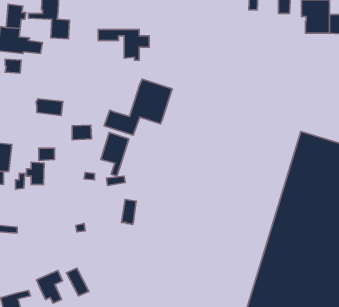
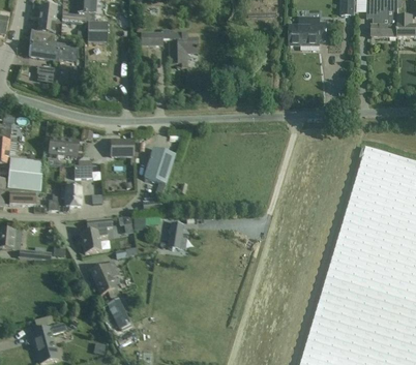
building: none -> [290,18,326,44]
building: [104,79,172,135] -> none
building: [36,99,63,115] -> [49,138,79,156]
building: none -> [81,219,112,253]
building: [36,271,62,303] -> [90,262,119,298]

